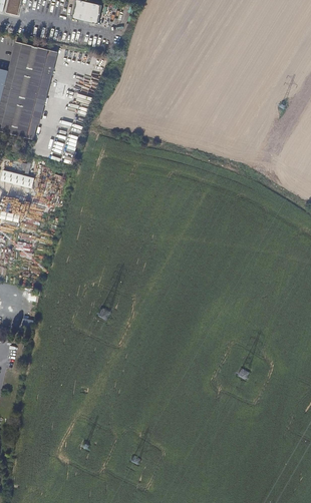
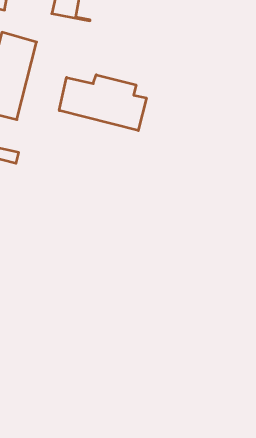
building: none -> [59,75,146,131]

